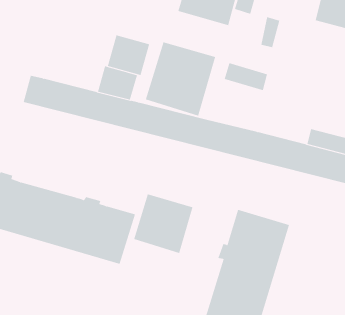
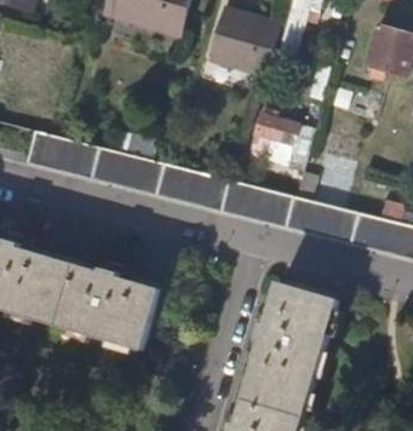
building: [107,34,150,76] -> none
building: [145,42,216,116] -> none
building: [133,194,193,254] -> none

